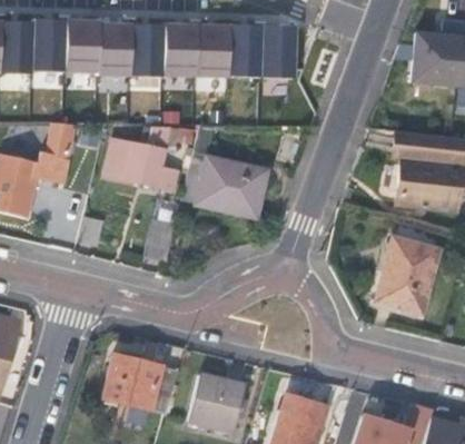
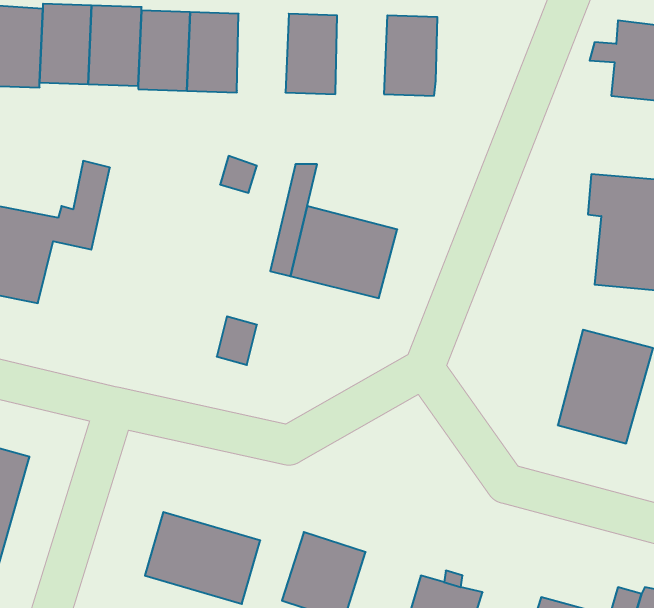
building: [161,24,196,78] -> none
building: [227,26,261,79] -> none
building: [109,140,180,189] -> none

